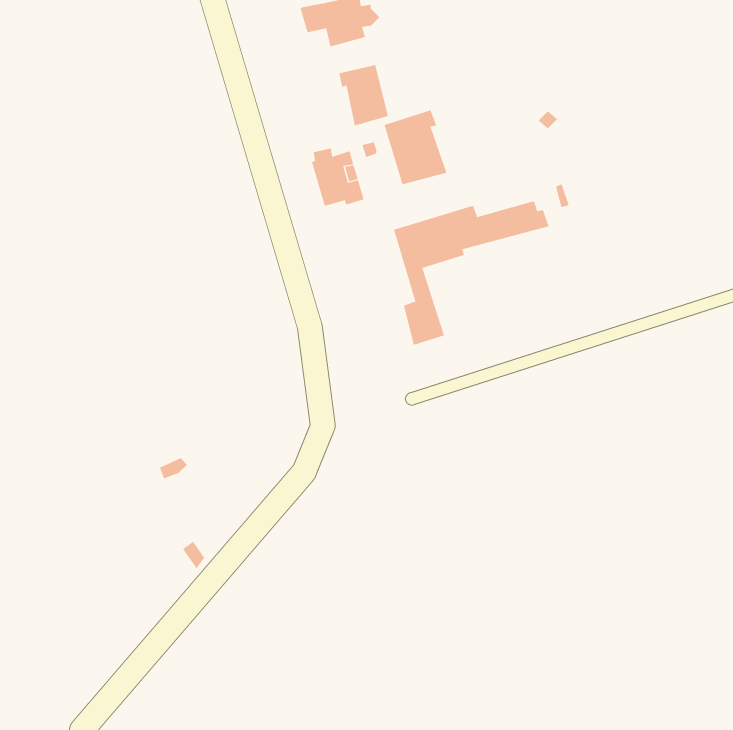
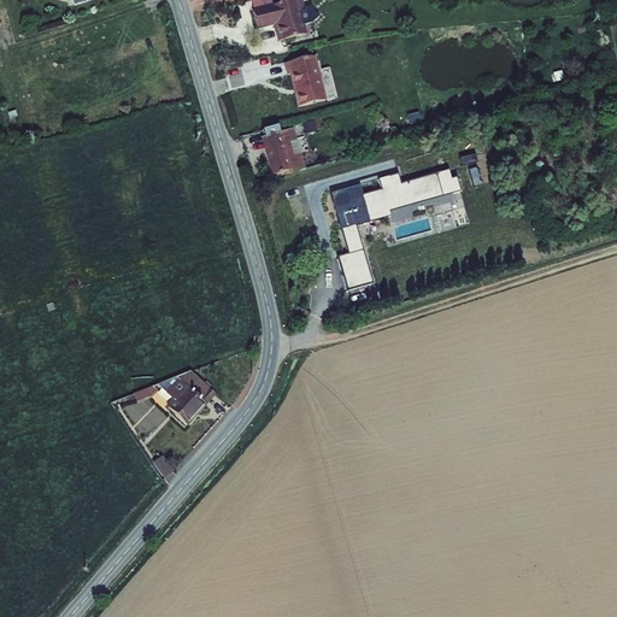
building: [384,109,447,185] -> none
building: none -> [158,370,216,425]

